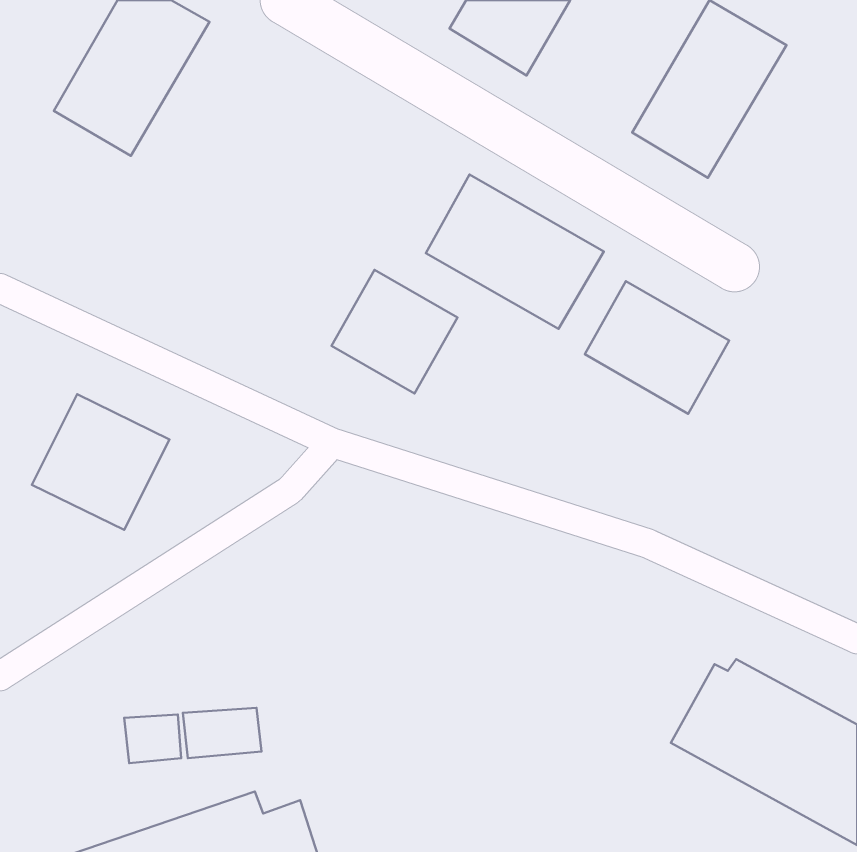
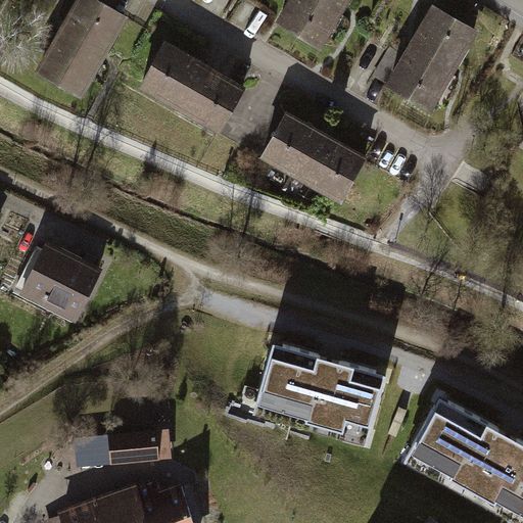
building: none -> [137,40,245,133]
building: [331,270,457,394] -> none
building: [585,281,729,414] -> none
building: none -> [259,353,374,437]

